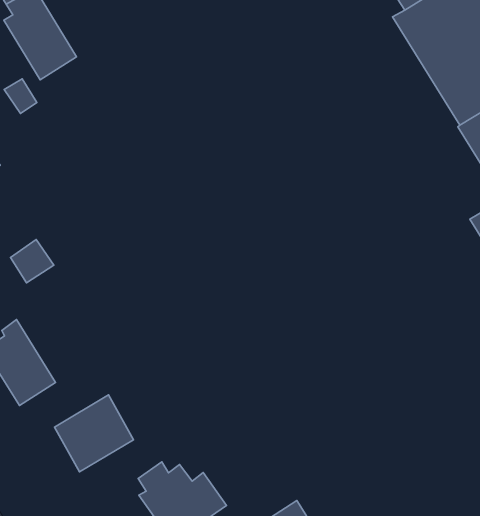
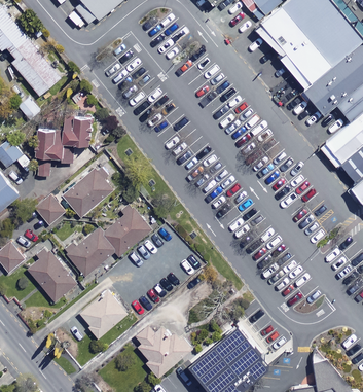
building: none -> [37,119,92,176]
building: none -> [63,170,111,216]
building: none -> [63,208,150,276]

